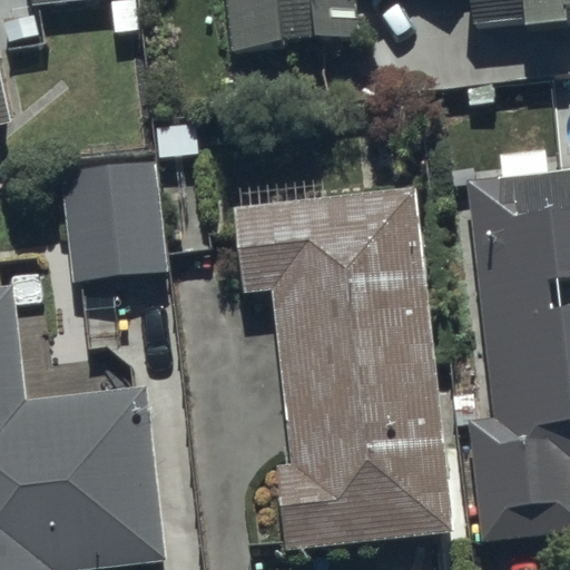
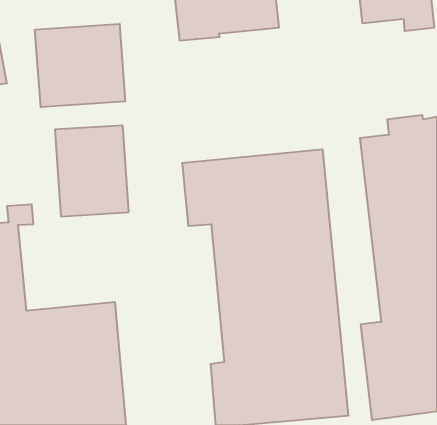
building: none -> [35,24,125,107]

